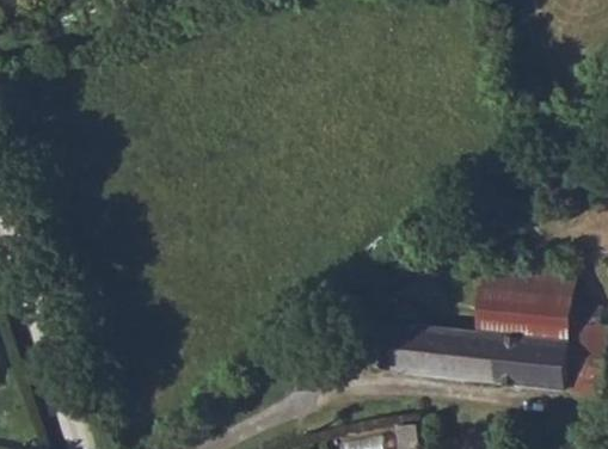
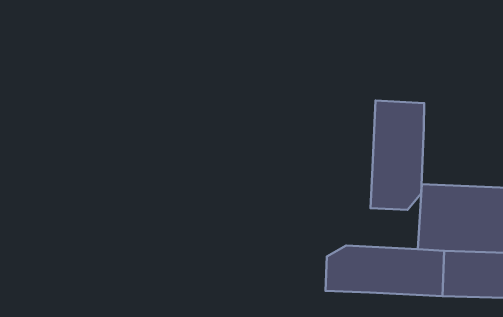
building: none -> [371,101,424,210]

